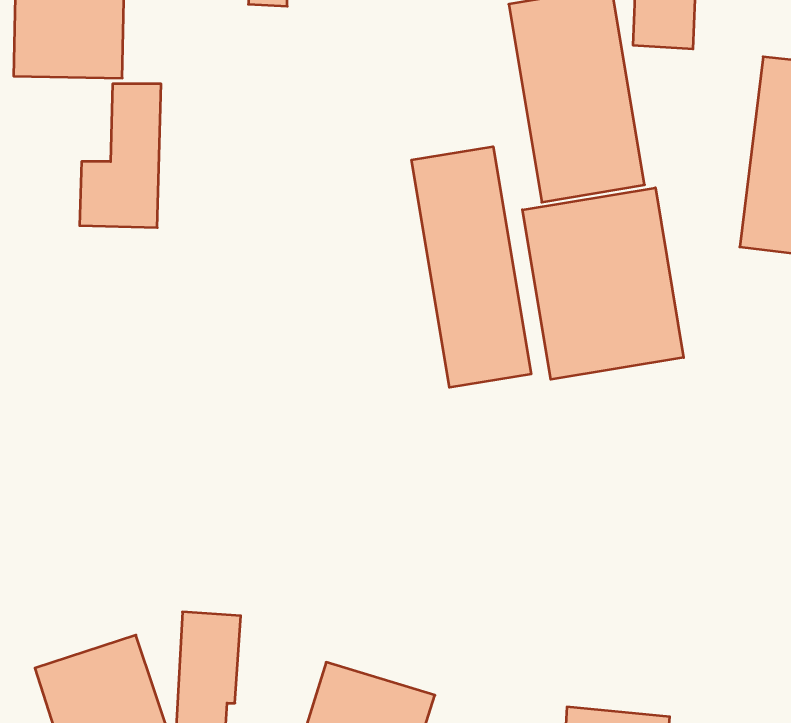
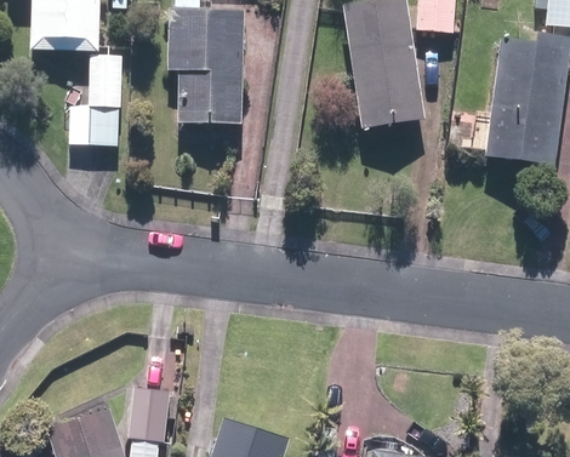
building: none -> [167,11,243,125]
building: [412,147,531,387] -> none
building: [522,188,684,379] -> none

